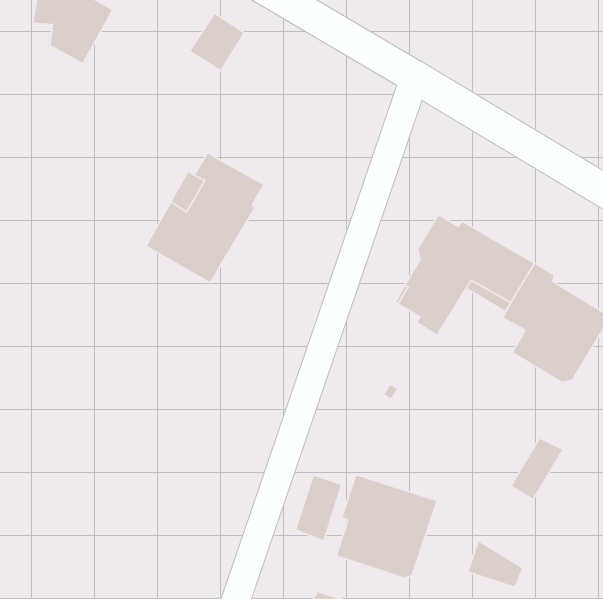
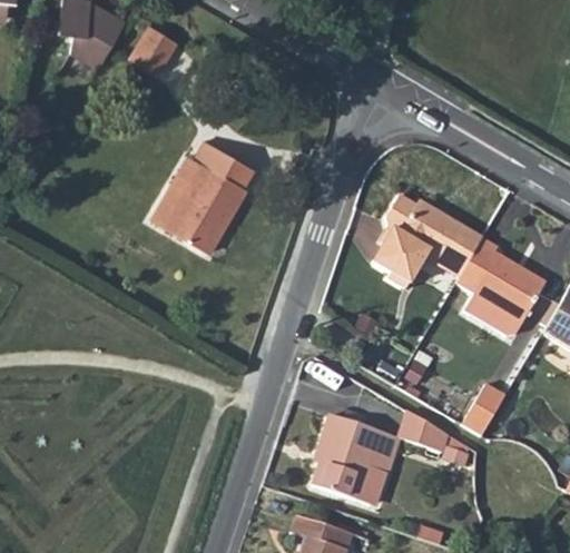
building: [189,13,245,71] -> [130,26,177,75]
building: [295,475,342,541] -> none
building: [468,540,523,588] -> [400,411,446,451]

